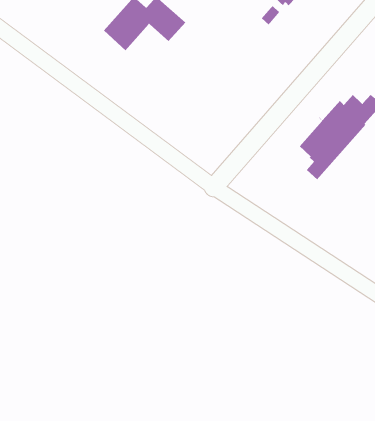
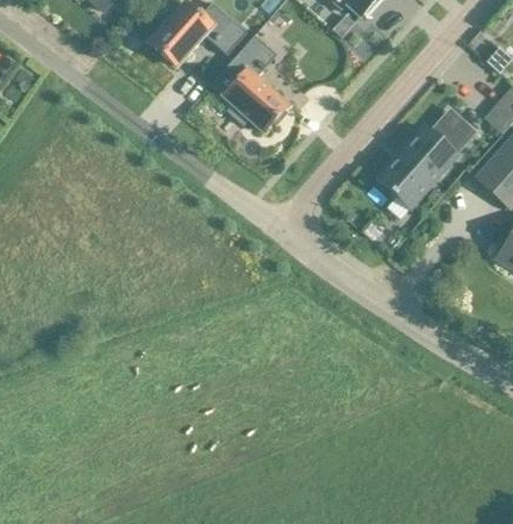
building: none -> [212,35,288,131]

